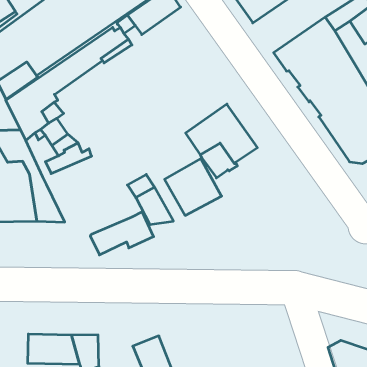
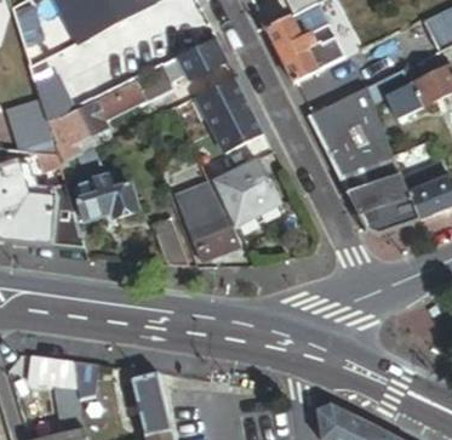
building: none -> [195,76,262,154]
building: none -> [177,181,224,222]
building: [90,212,154,255] -> [76,185,137,221]

